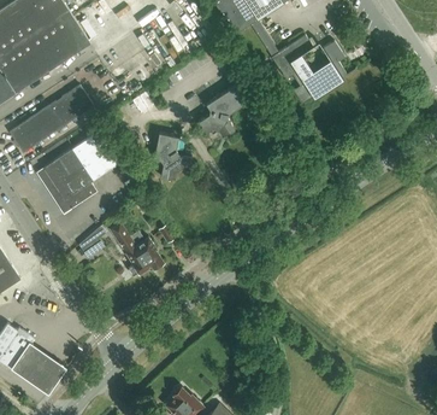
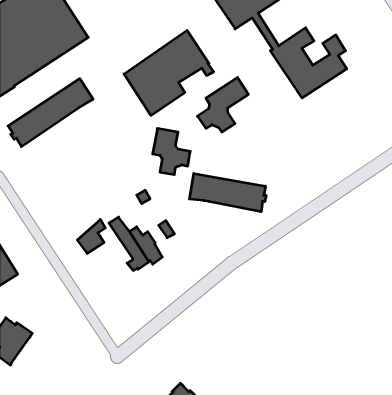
building: [36,129,125,214] -> [124,30,214,115]
building: none -> [189,173,266,212]
building: [13,341,66,391] -> none

